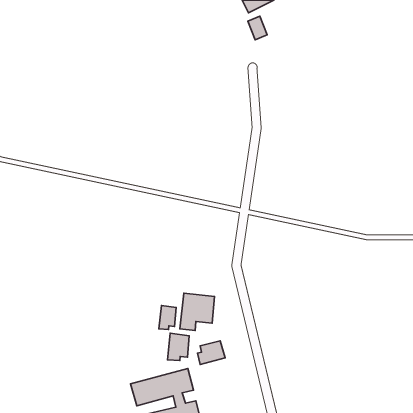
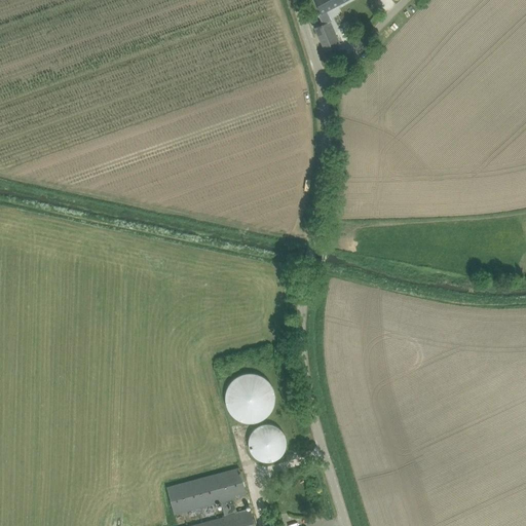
building: [159,306,176,330] -> none
building: [167,333,189,361] -> none

